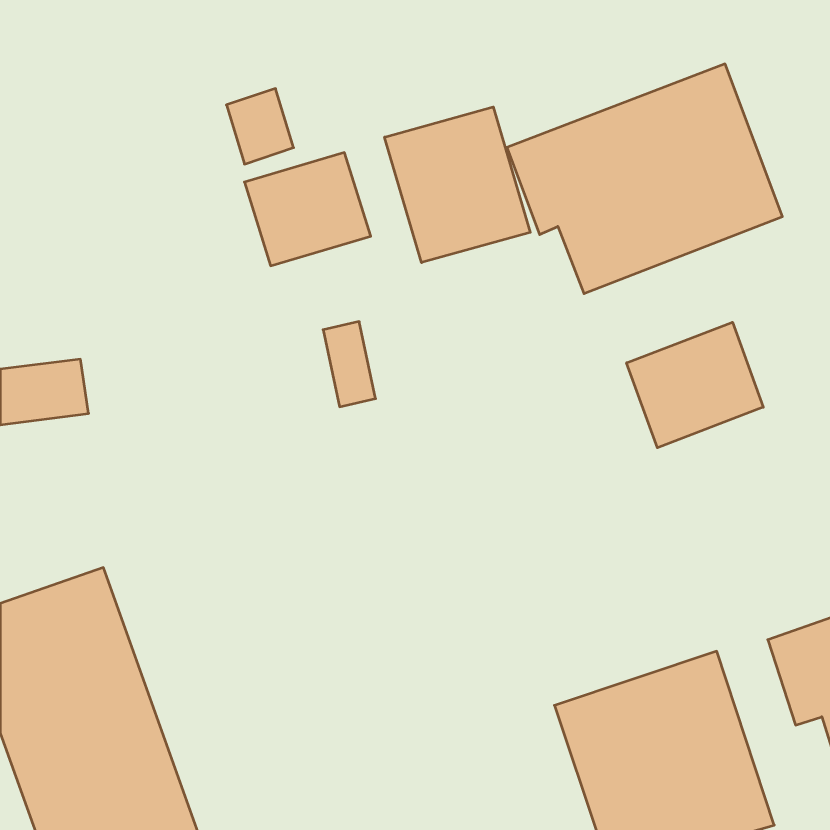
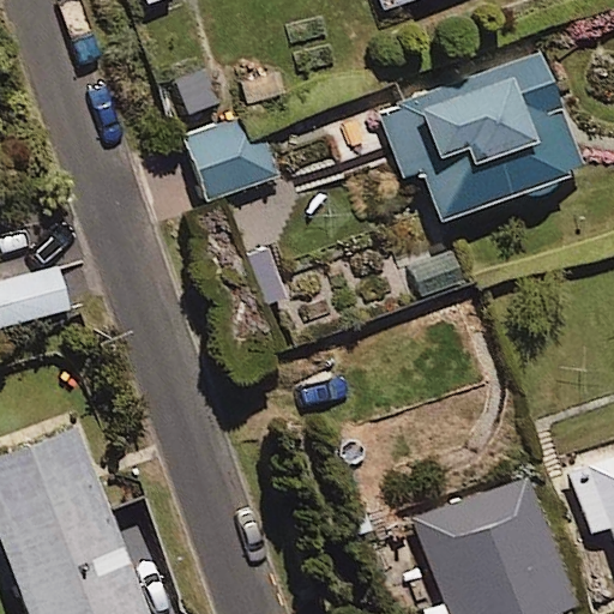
building: [385,107,530,263] -> none
building: [627,322,763,448] -> none

